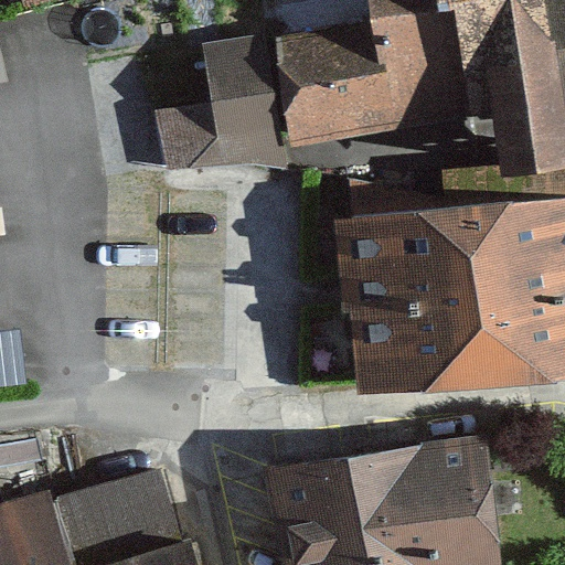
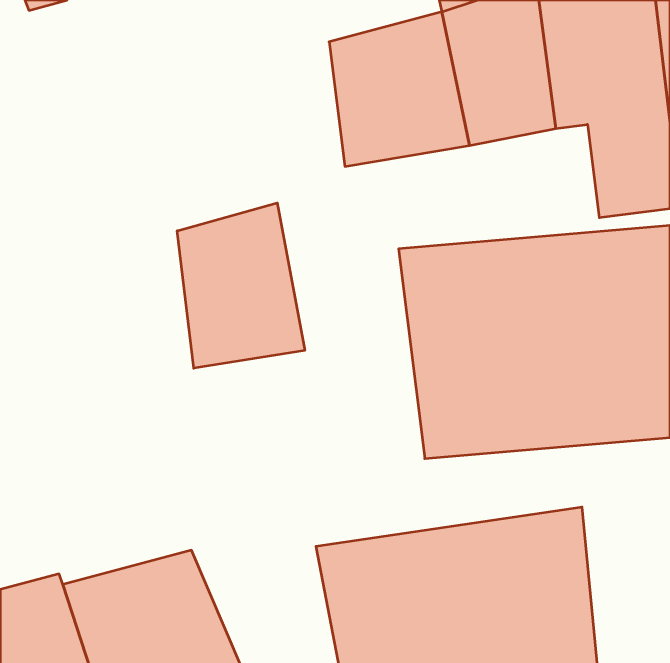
building: [157,33,289,178] -> none
building: none -> [177,203,305,368]

